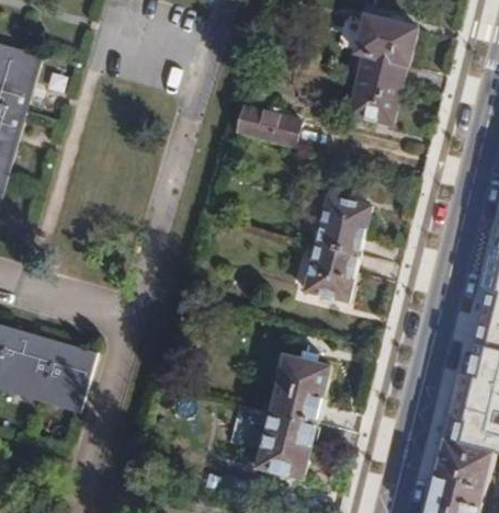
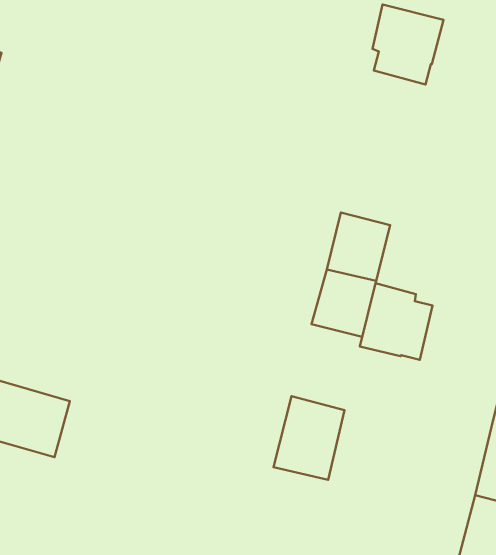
building: [348,70,402,124] -> none
building: [234,104,303,147] -> none
building: none -> [360,283,432,360]
building: [227,404,318,477] -> none

